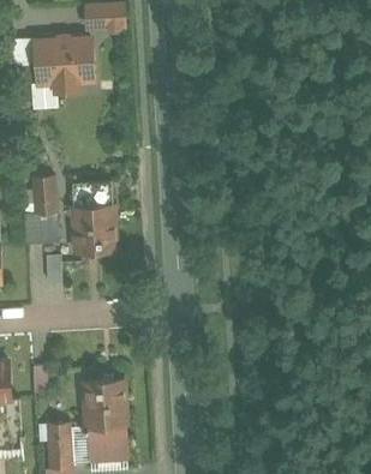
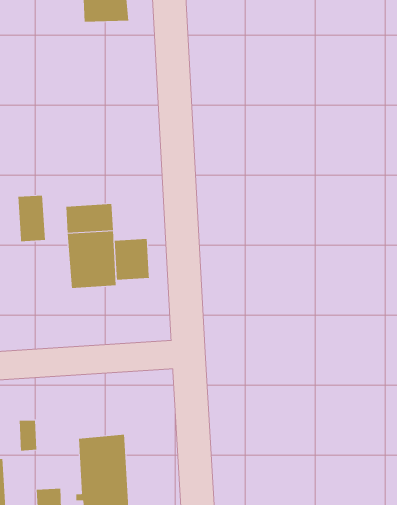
building: [36,38,94,91] -> none
building: none -> [114,238,150,281]
building: [24,212,58,242] -> none

